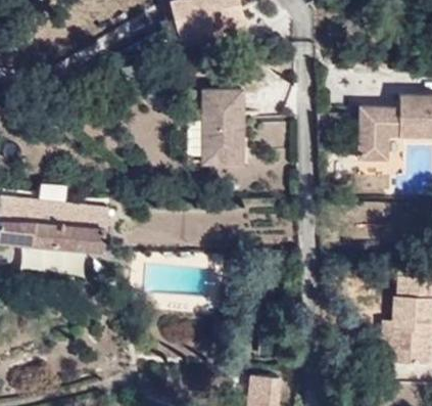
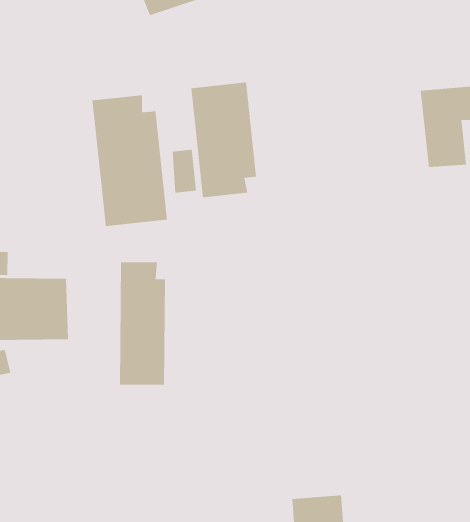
building: none -> [92,94,167,227]
building: none -> [120,262,166,386]

